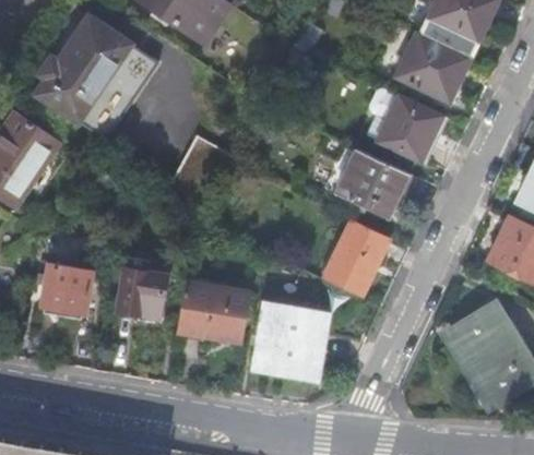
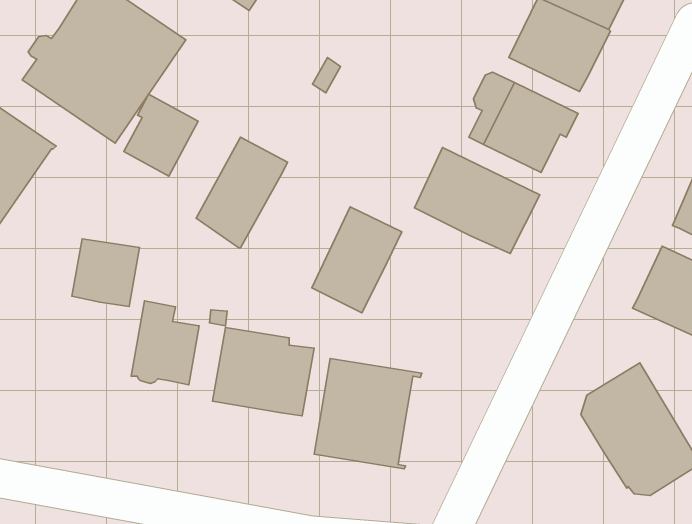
building: none -> [124,94,198,176]
building: [323,219,390,298] -> [312,207,402,313]
building: [40,265,91,315] -> [72,239,140,307]

